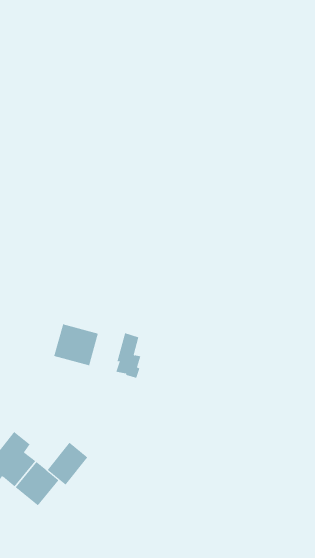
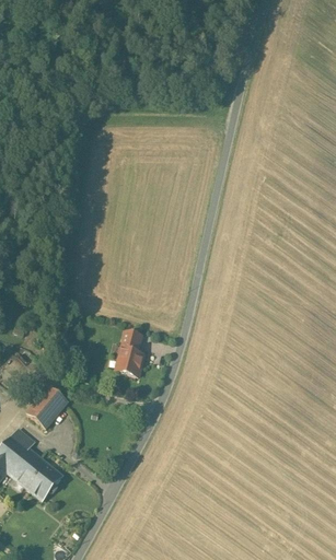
building: [54,324,99,366] -> none
building: [47,442,88,486] -> [27,386,68,429]

